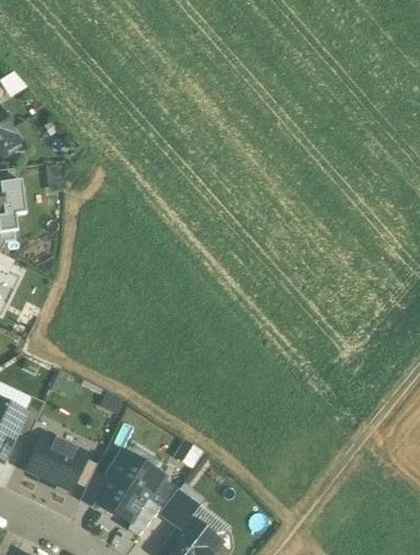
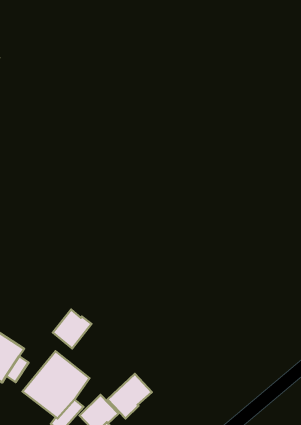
building: none -> [53,309,92,348]
building: none -> [107,374,152,419]

